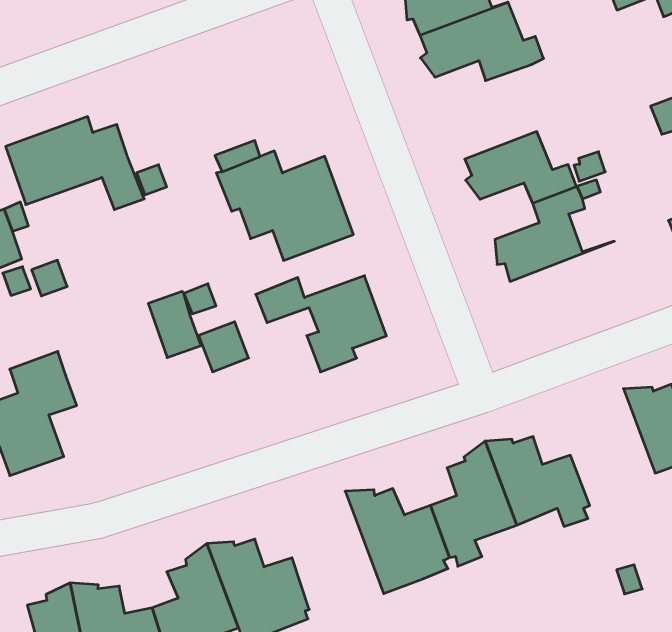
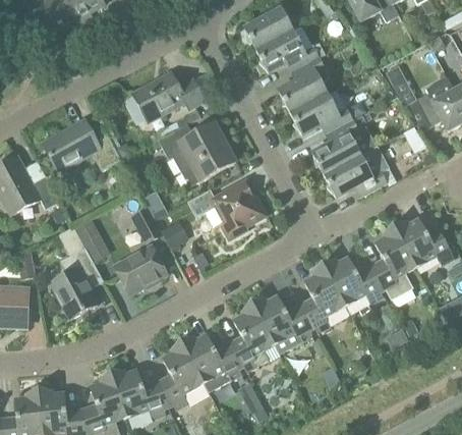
building: none -> [132,72,205,121]
building: none -> [279,57,329,113]
building: none -> [324,146,388,196]
building: none -> [74,216,110,260]
building: none -> [114,246,167,294]
building: none -> [369,224,416,298]
building: none -> [228,301,275,370]

